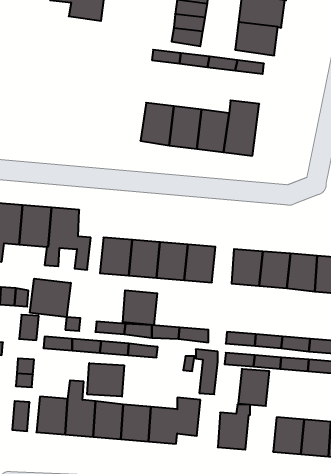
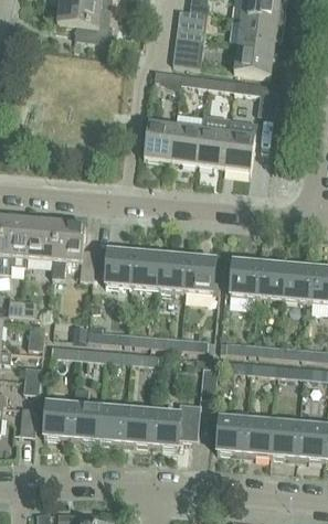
building: [30,279,71,317] -> none
building: [123,290,157,325] -> none
building: [87,363,124,397] -> none
building: [238,369,269,406] -> [244,419,274,455]

